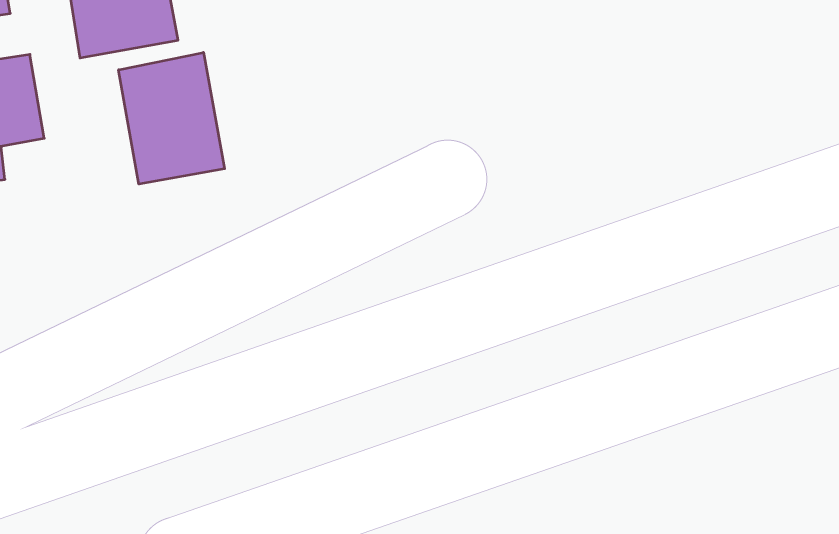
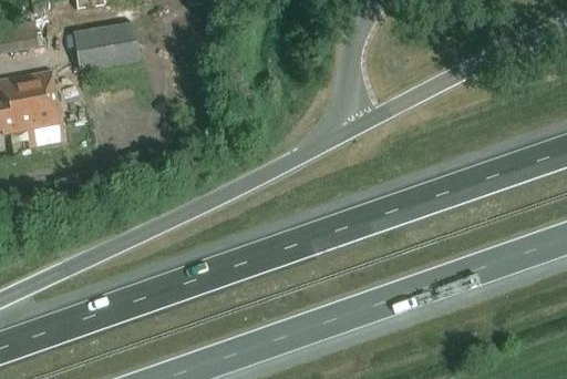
building: [119,52,225,184] -> none

